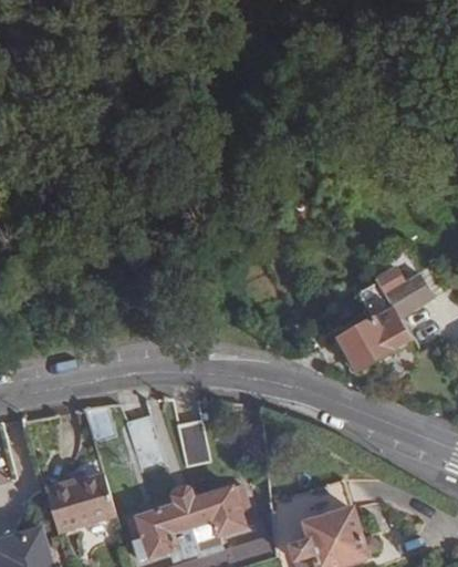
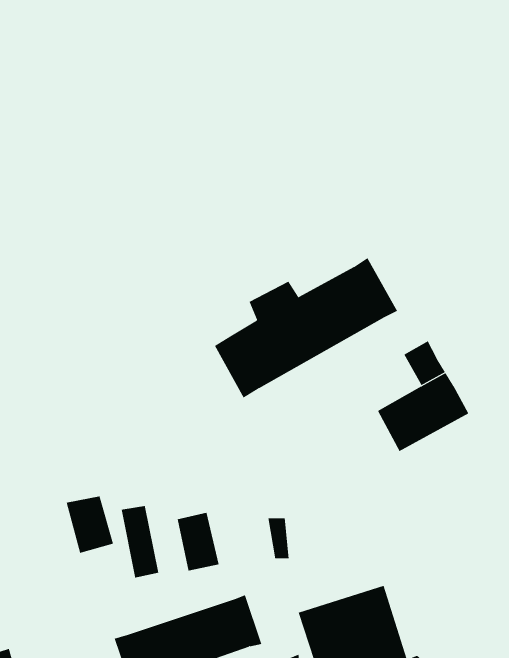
building: none -> [214,257,398,398]
building: [386,276,431,318] -> none
building: [44,475,115,532] -> none

